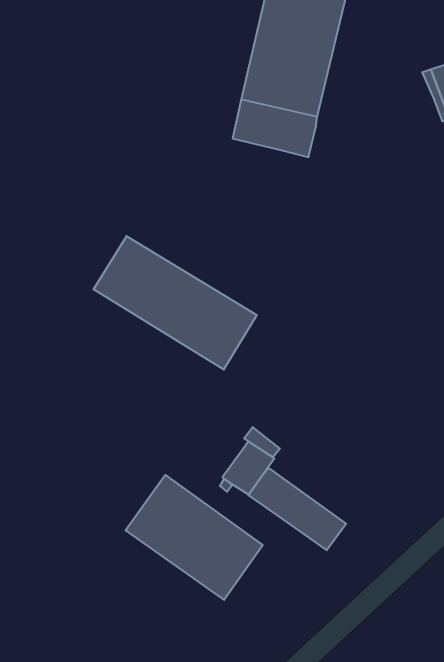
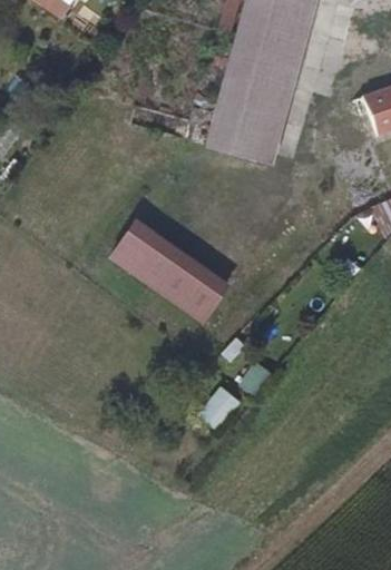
building: [248,468,346,550] -> none
building: [125,475,263,600] -> none

